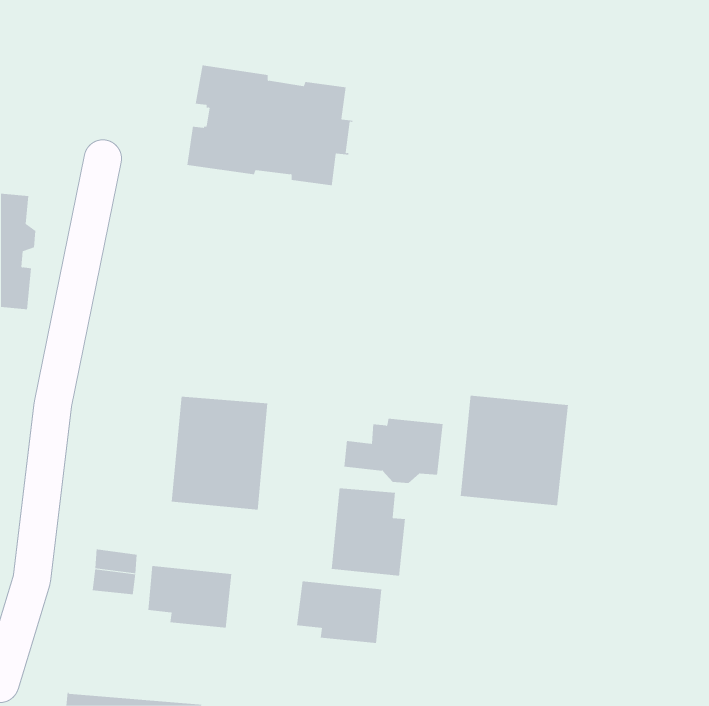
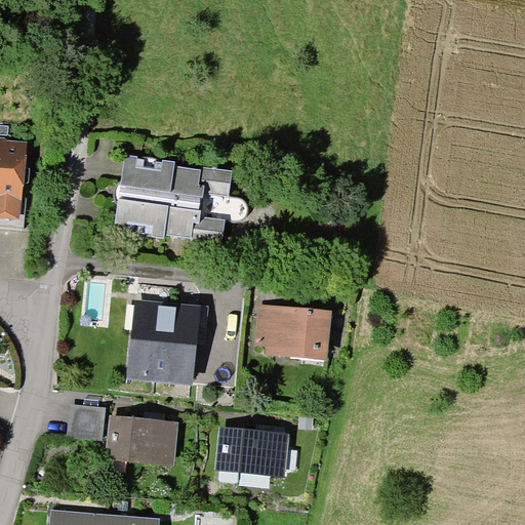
building: [187,65,353,186] -> [113,156,236,245]
building: [460,395,569,506] -> none
building: [331,487,406,576] -> none

